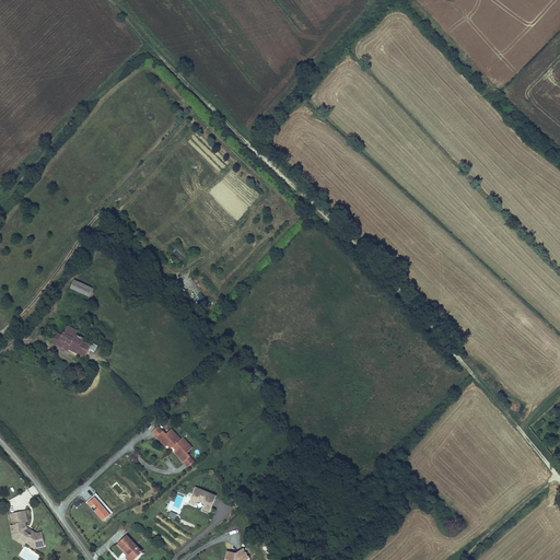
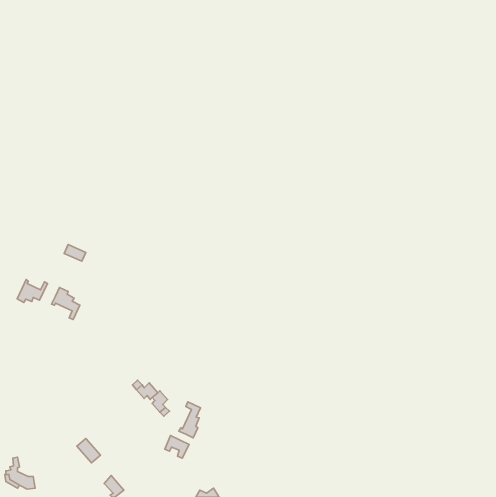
building: none -> [17,280,48,302]
building: none -> [179,402,200,438]

